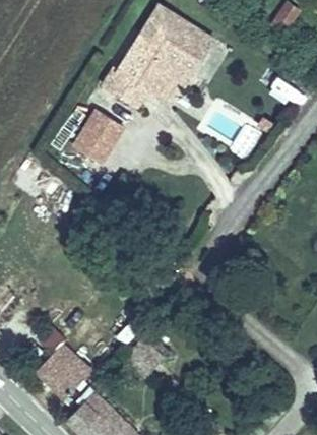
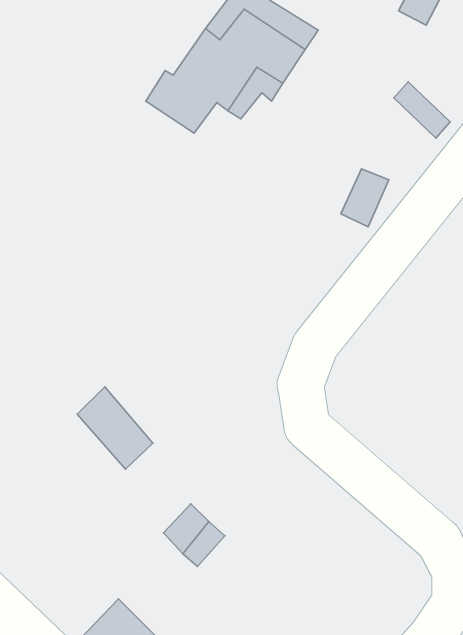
building: [68,107,124,165] -> none
building: [29,340,77,392] -> [77,387,153,469]

